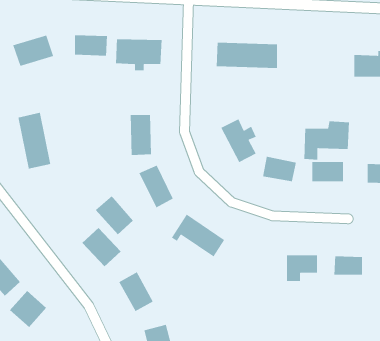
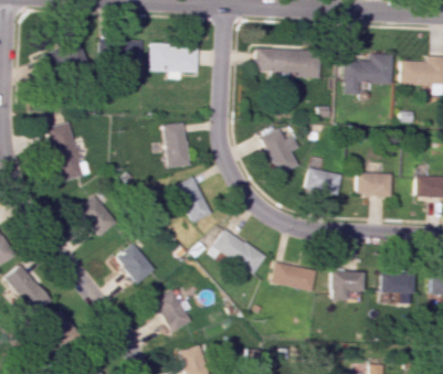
building: [304,121,350,160] -> [345,53,393,95]
building: [95,195,134,235] -> [76,194,117,236]
building: none -> [272,261,317,292]

